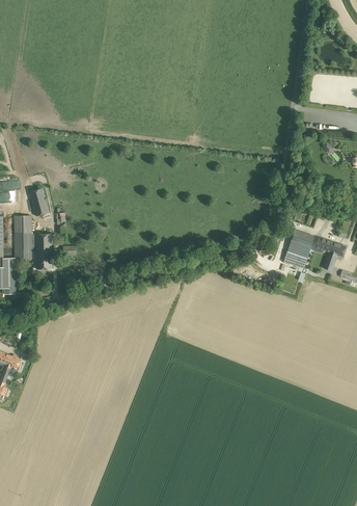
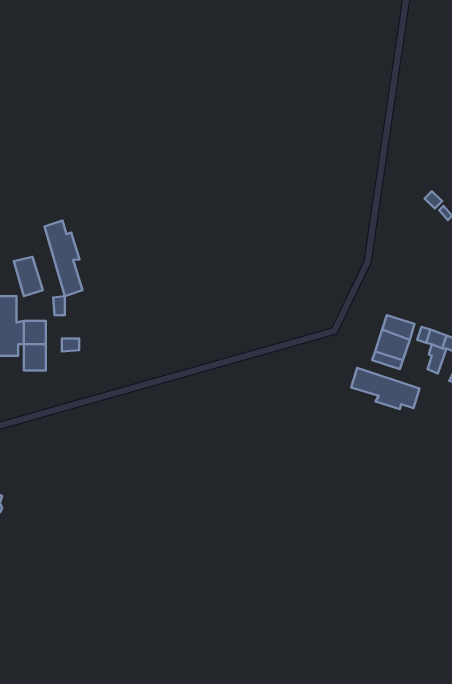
building: none -> [44,221,83,296]
building: none -> [351,368,419,409]

